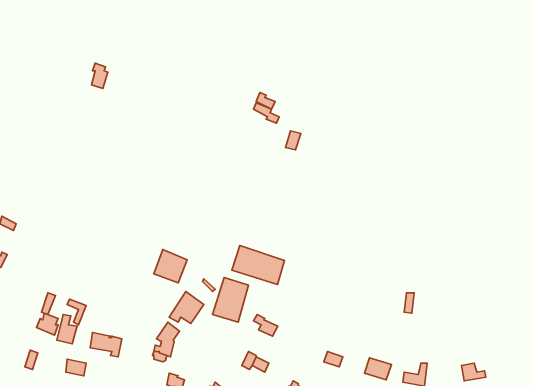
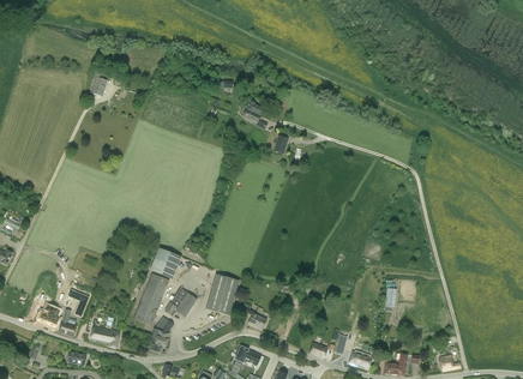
building: [232,245,285,284] -> none
building: none -> [133,272,169,325]

